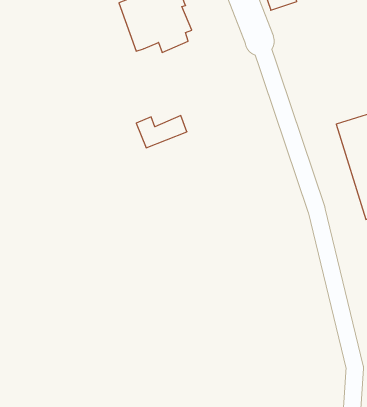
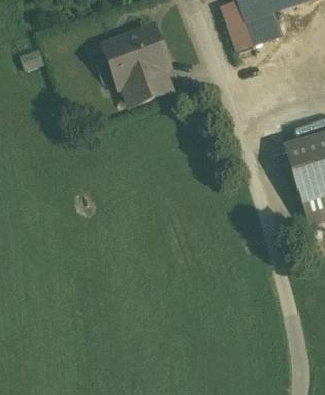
building: [136,116,187,148] -> [125,75,167,101]

